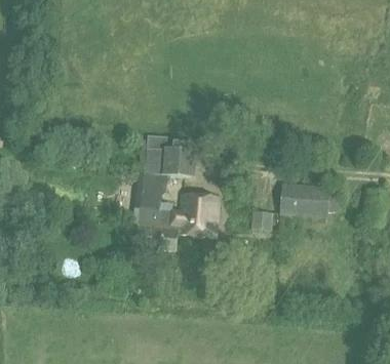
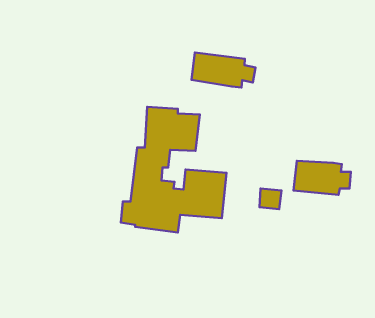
building: none -> [192,53,255,87]

